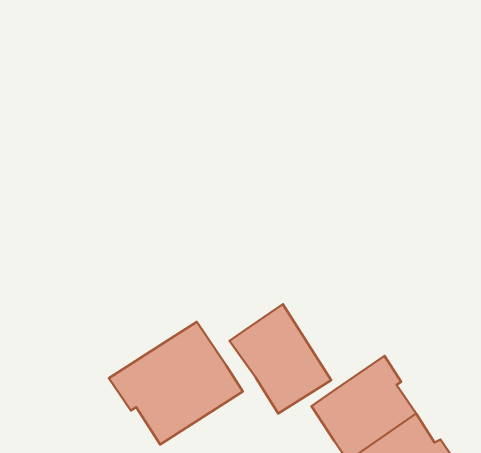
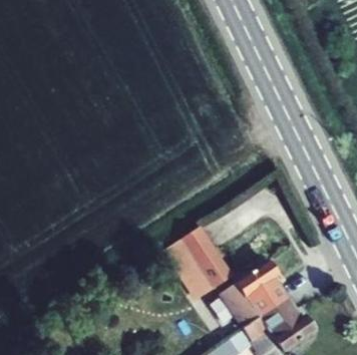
building: [109,322,243,445] -> none

